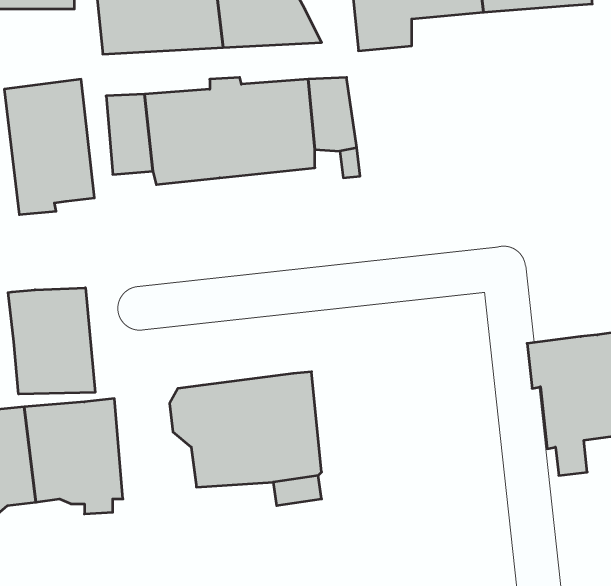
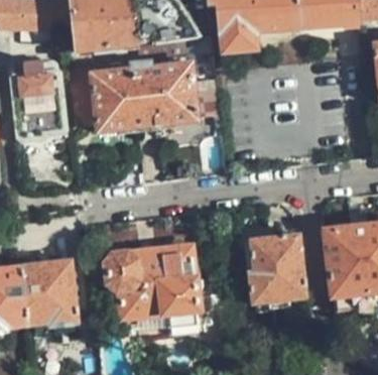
building: [8,288,95,394] -> none
building: none -> [246,234,305,301]

